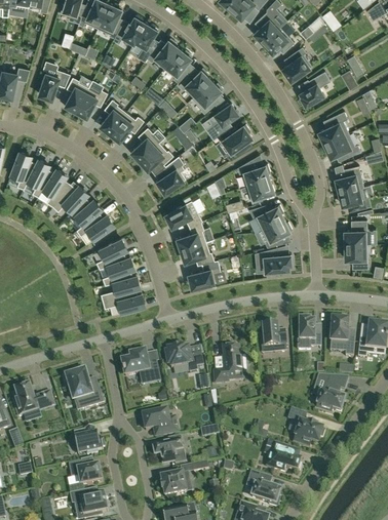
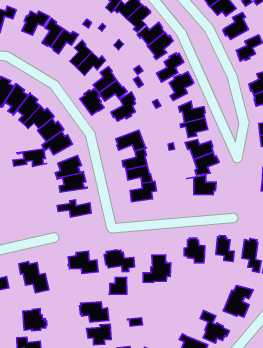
building: none -> [80,88,104,115]
building: [100,276,141,301] -> [13,149,47,166]
building: none -> [109,277,127,294]

